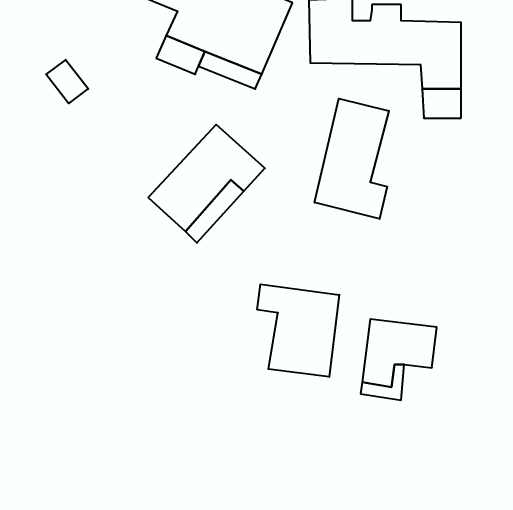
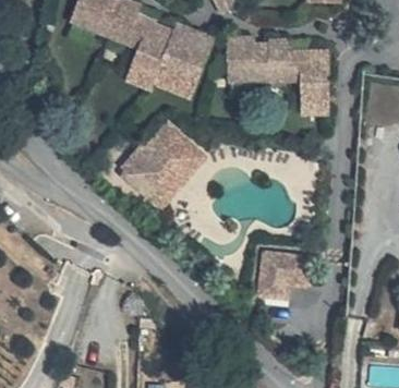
building: [315,99,389,219] -> none
building: [257,284,339,377] -> none

